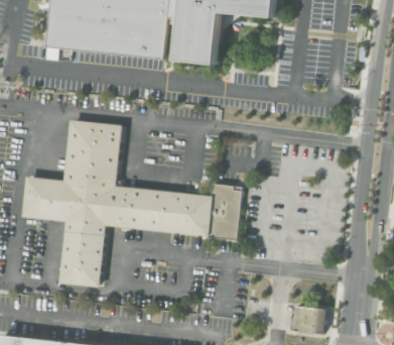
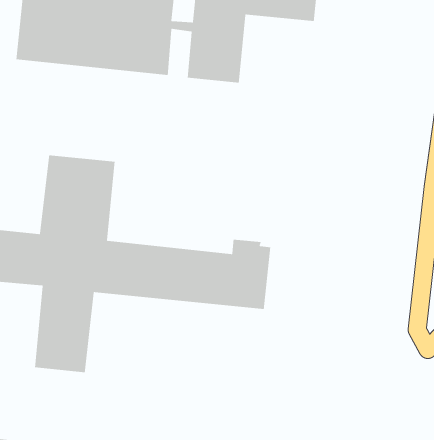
building: [290,307,323,334] -> none

